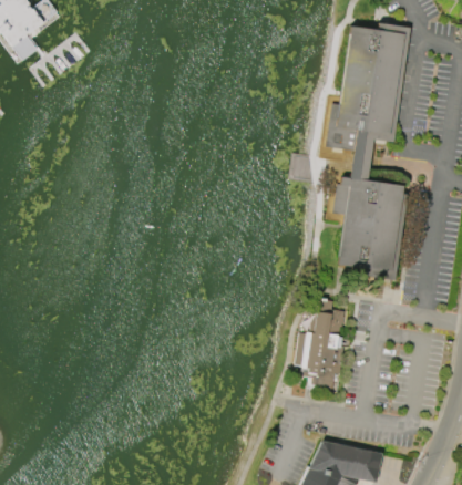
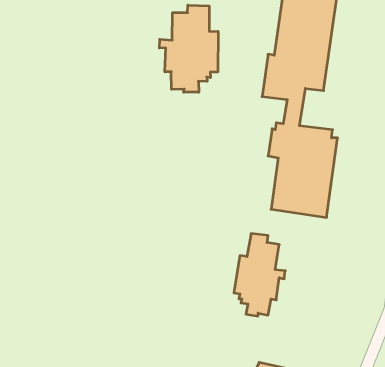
building: none -> [159,5,218,92]

